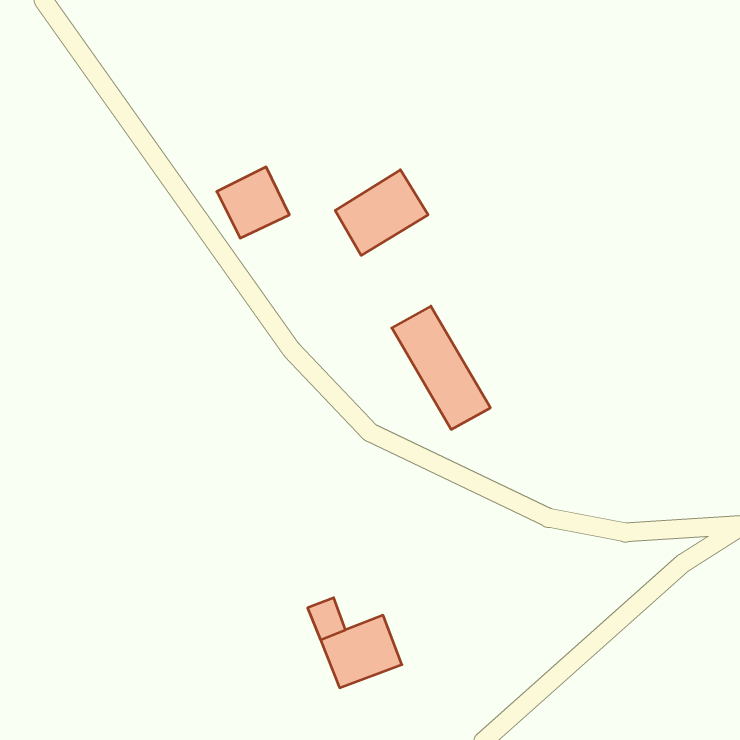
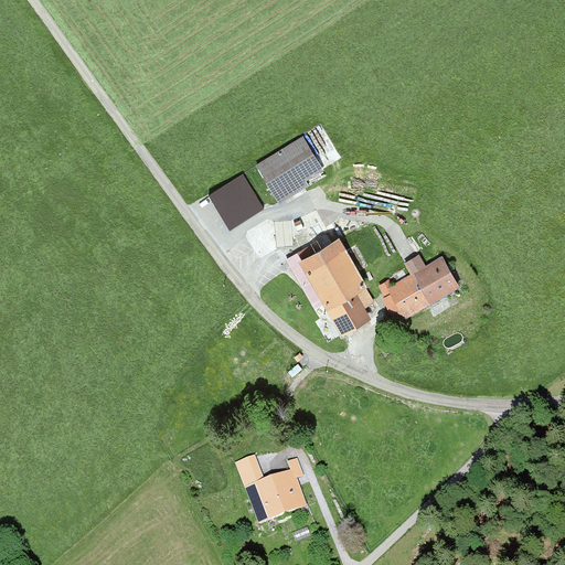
building: [217,167,289,238] -> [207,173,263,227]
building: none -> [387,259,459,319]

